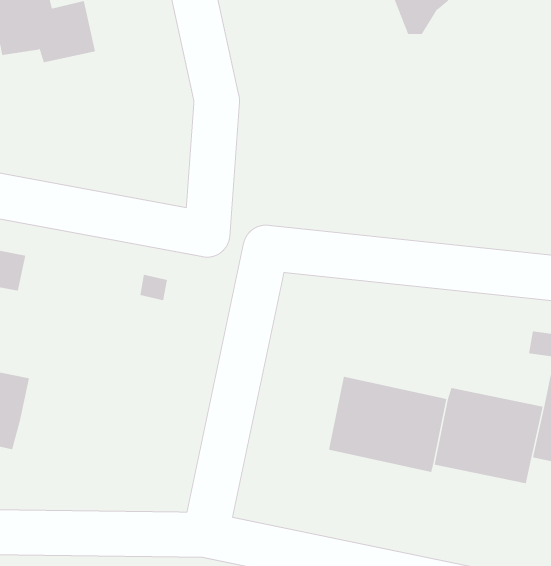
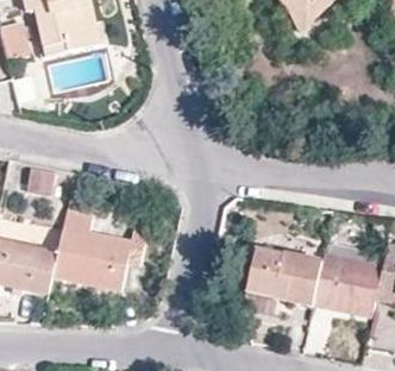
building: none -> [52,206,146,290]

